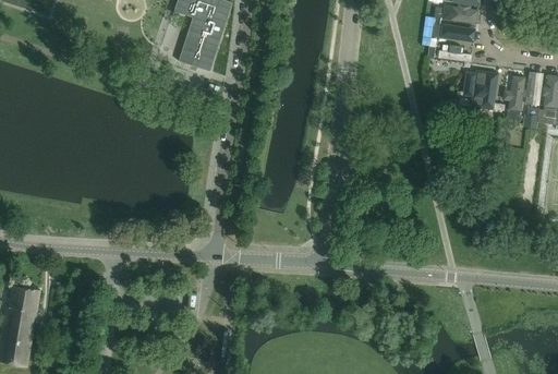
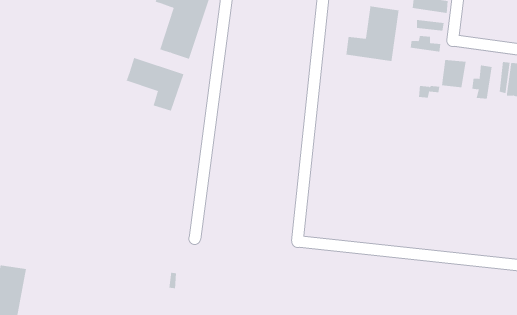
building: none -> [346,5,399,62]
building: none -> [126,57,184,112]

